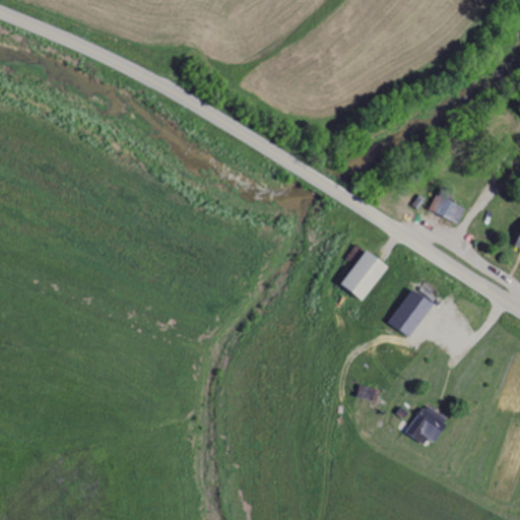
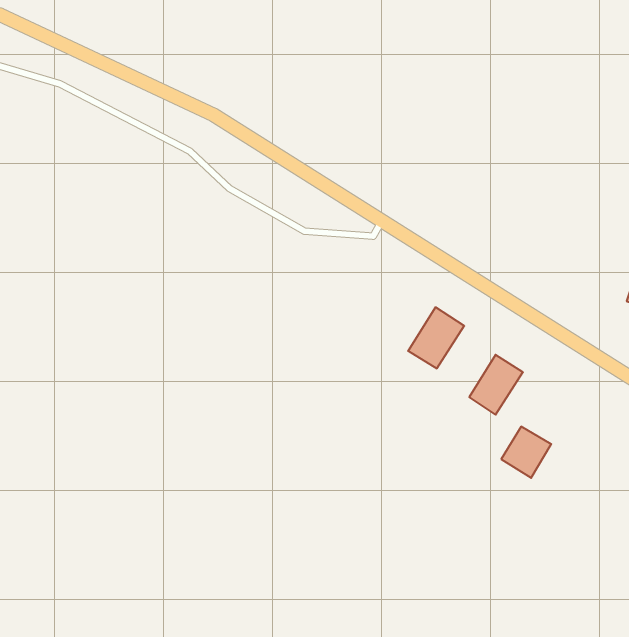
building: [439,197,468,223] -> none
building: [409,403,450,445] -> [501,427,551,478]

